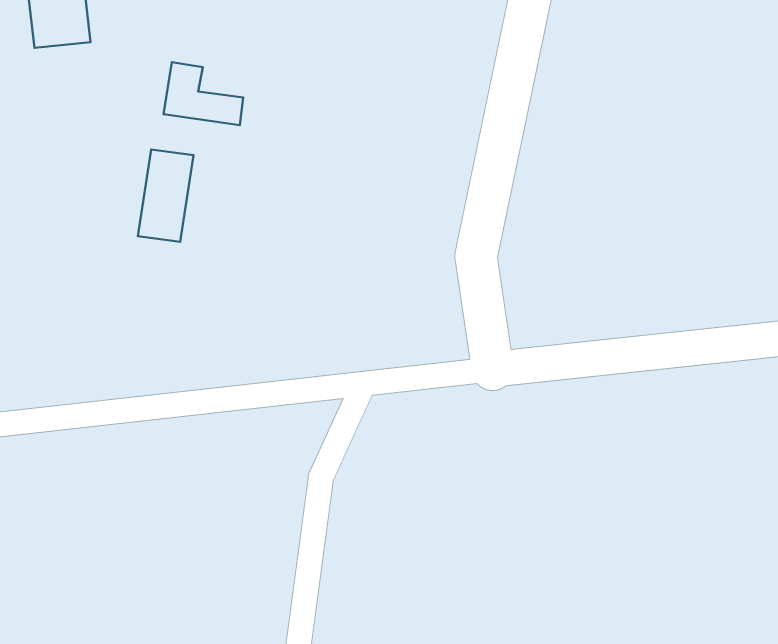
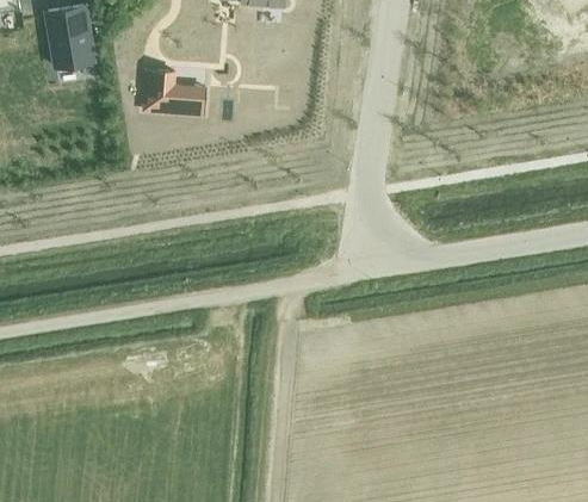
building: [138,150,194,242] -> none

